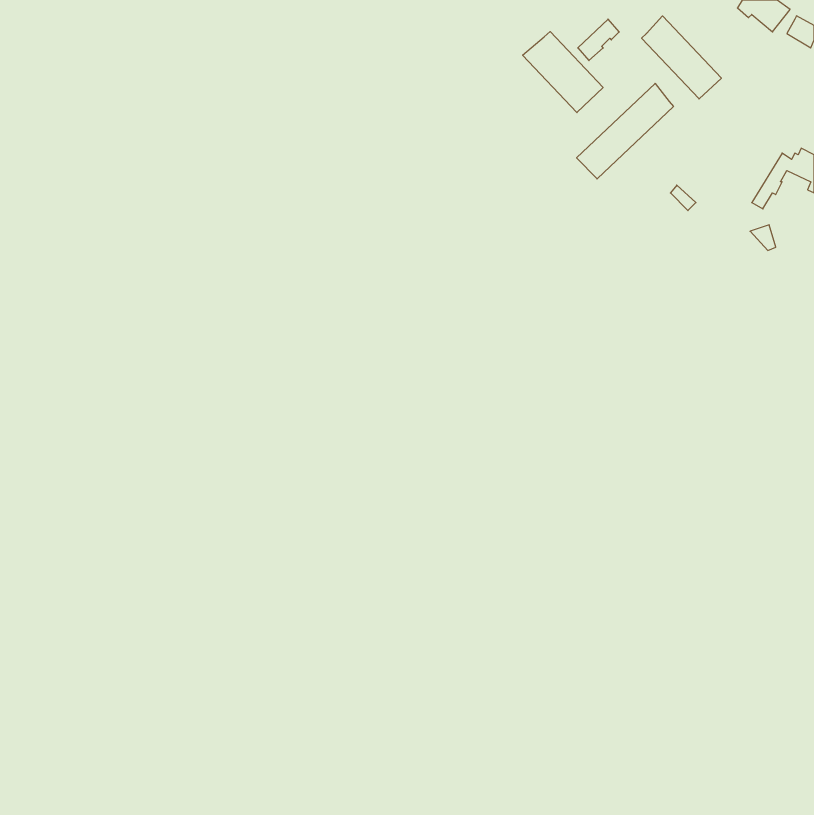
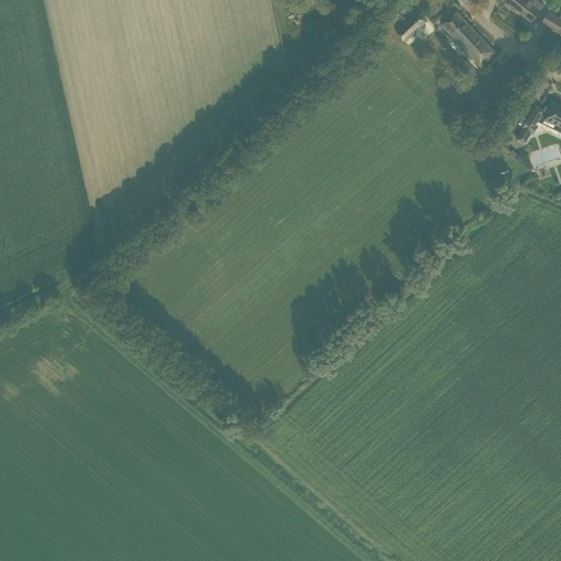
building: [523,32,603,113] -> none
building: [577,83,673,179] -> none

